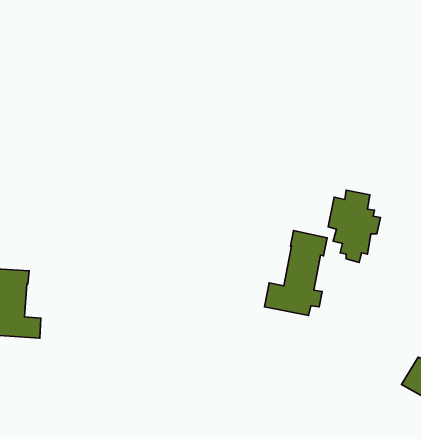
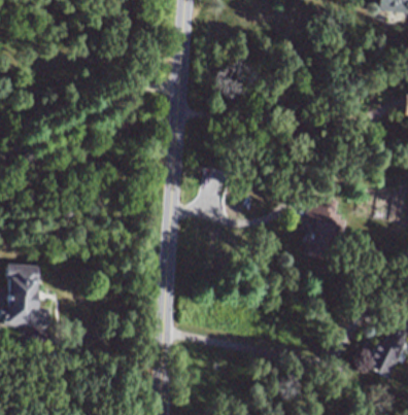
building: [264,230,327,316] -> none

